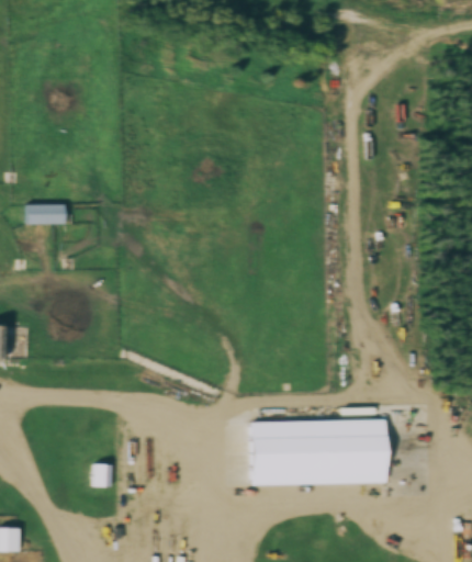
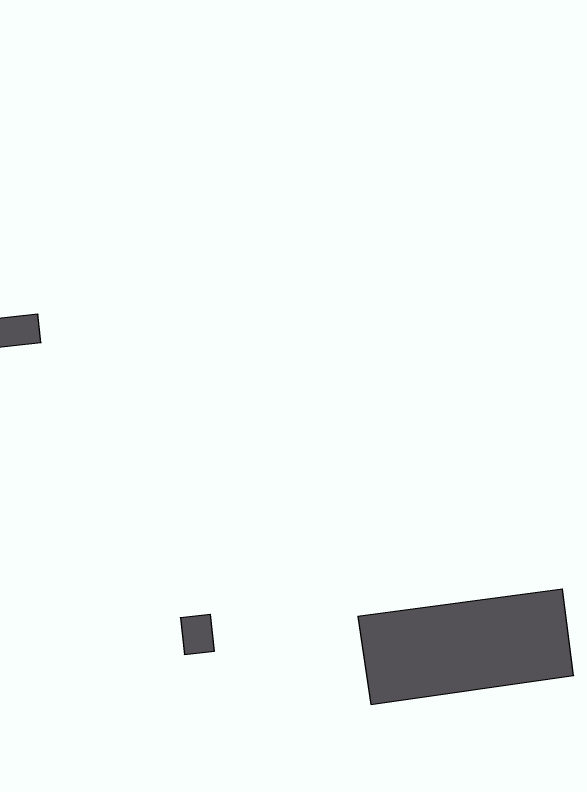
building: [92,460,112,484] -> [180,614,214,654]

